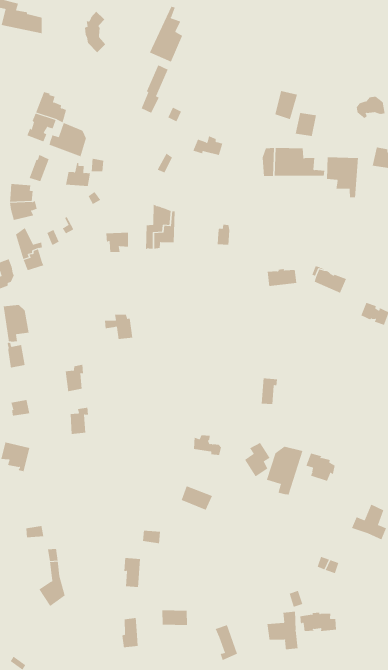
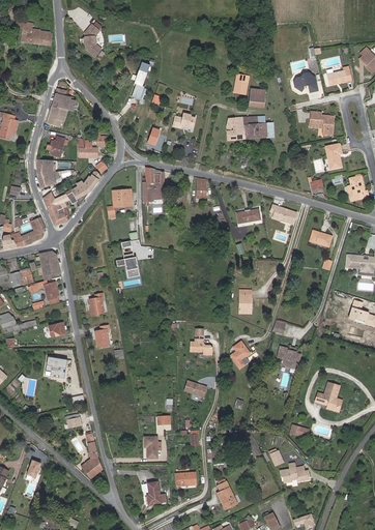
building: [149,6,183,62] -> none
building: [49,122,87,157] -> none
building: [327,157,358,198] -> none
building: [266,446,303,495] -> none
building: [267,611,298,650] -> none

